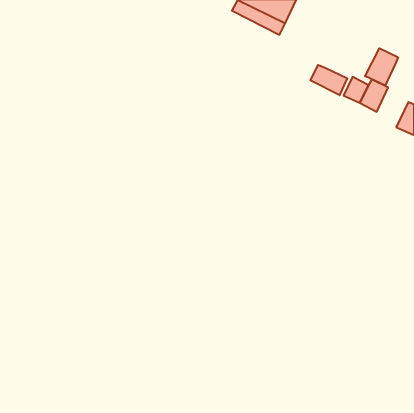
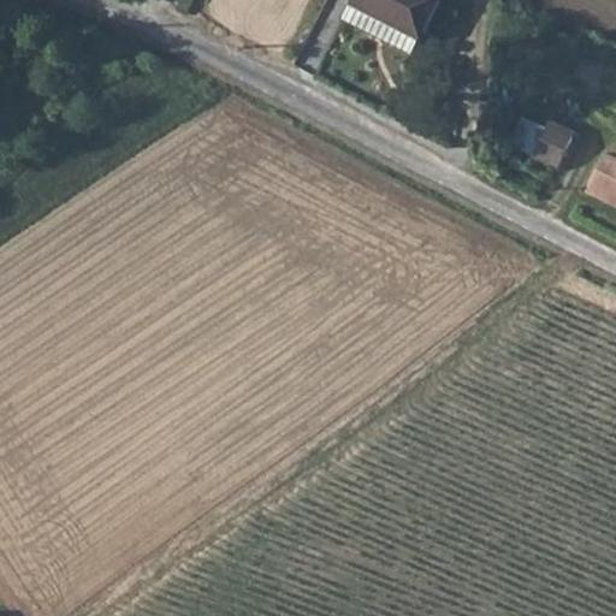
building: [365,48,398,85] -> none
building: [311,65,347,95] -> none

